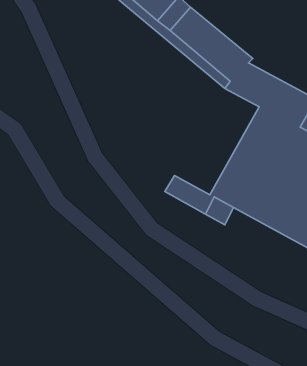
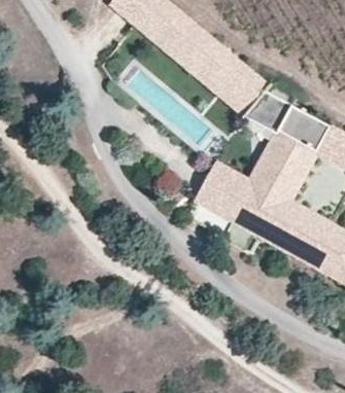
building: none -> [191,157,245,214]

